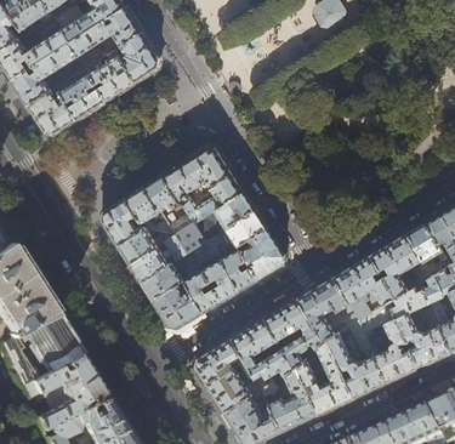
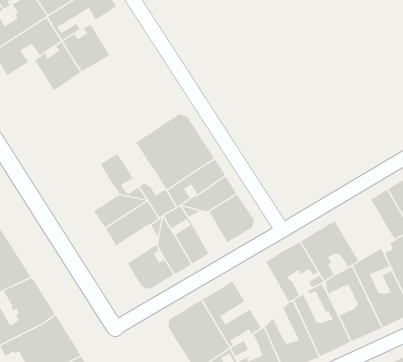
building: [115,32,160,82] -> none
building: [28,87,76,135] -> none
building: [143,173,184,214] -> none
building: [101,197,144,245] -> none
building: [370,233,432,297] -> none
building: [220,247,257,290] -> none
building: [141,262,183,300] -> none
building: [263,298,322,368] -> none

